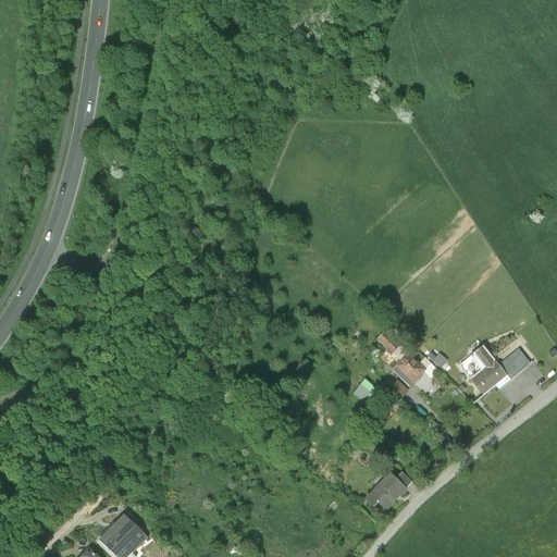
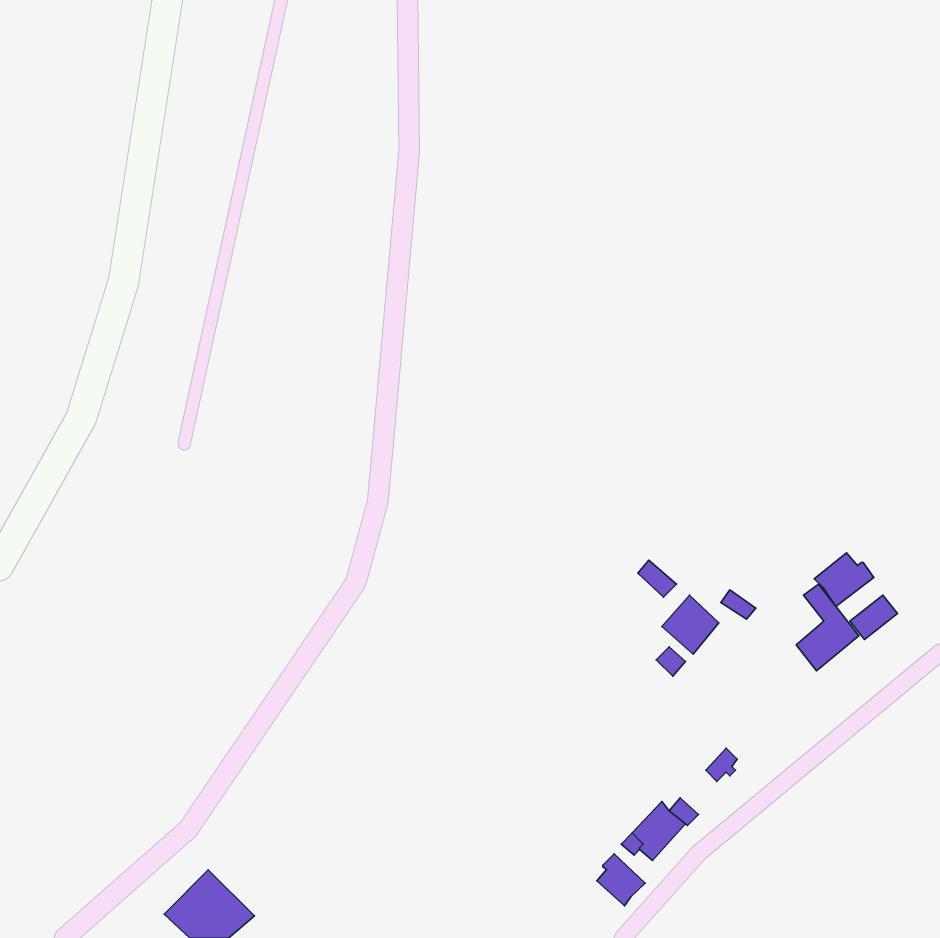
building: none -> [814,553,874,606]
building: none -> [597,854,645,906]

